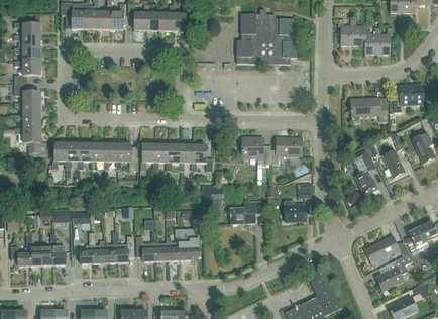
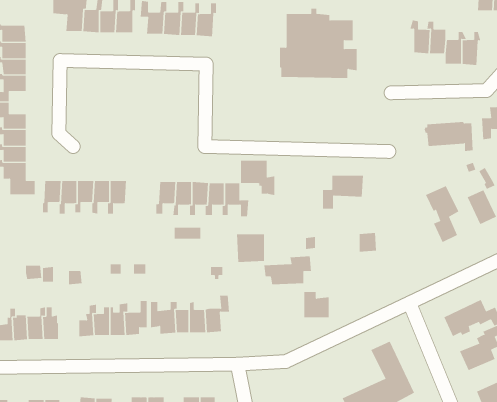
building: [242,137,269,165] -> [240,160,275,195]
building: [116,142,138,170] -> none
building: [285,200,305,220] -> [304,292,330,318]

